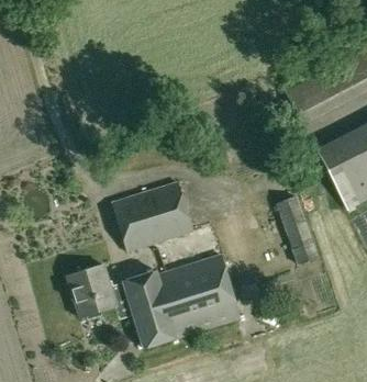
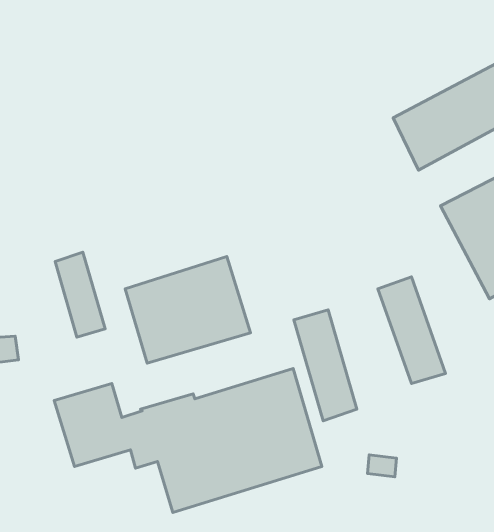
building: none -> [55,252,105,337]
building: none -> [294,310,357,421]

